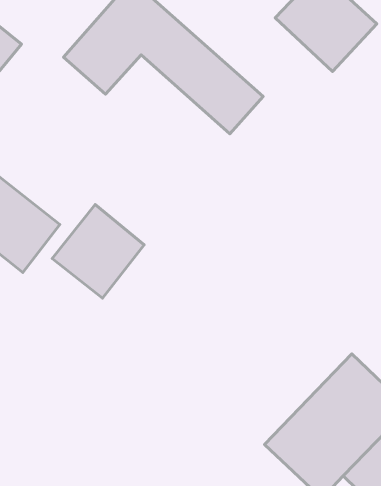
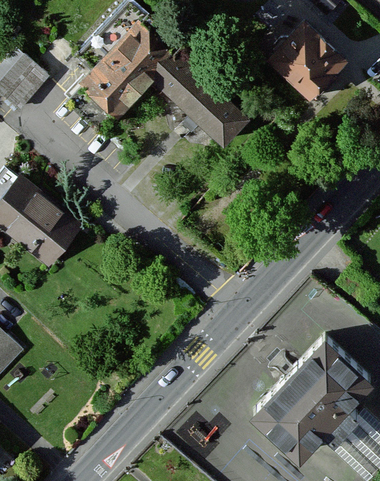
building: [52,205,144,298] -> none

